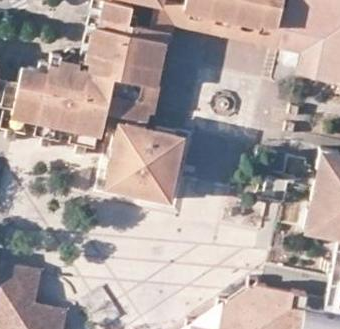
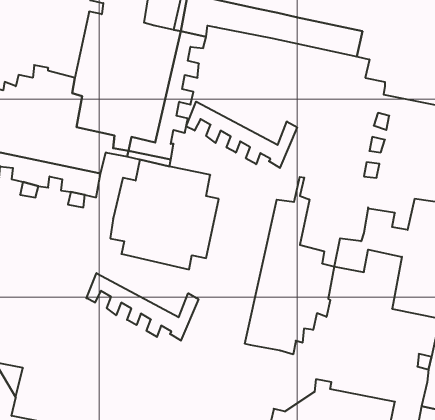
building: none -> [186,102,297,168]
building: none -> [245,177,334,354]
building: none -> [86,273,198,341]

